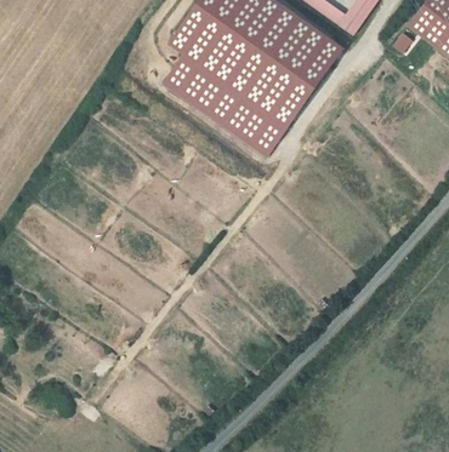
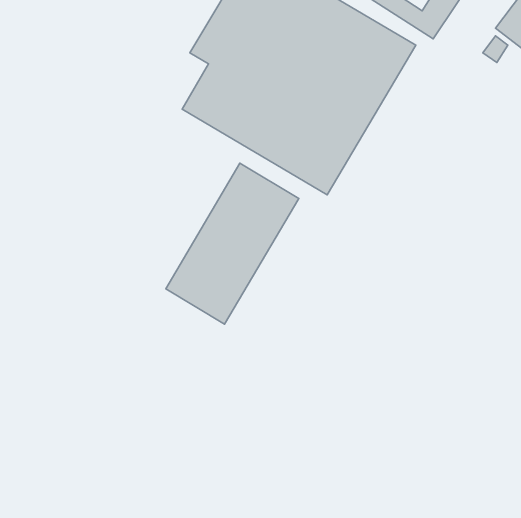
building: none -> [166,163,299,324]

